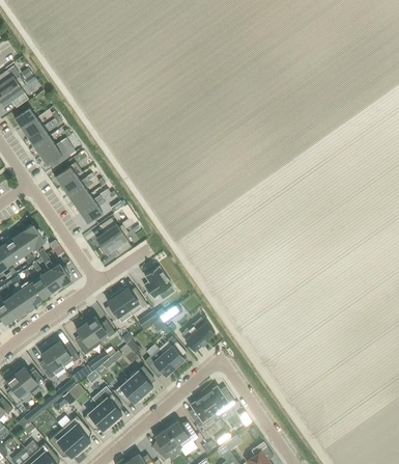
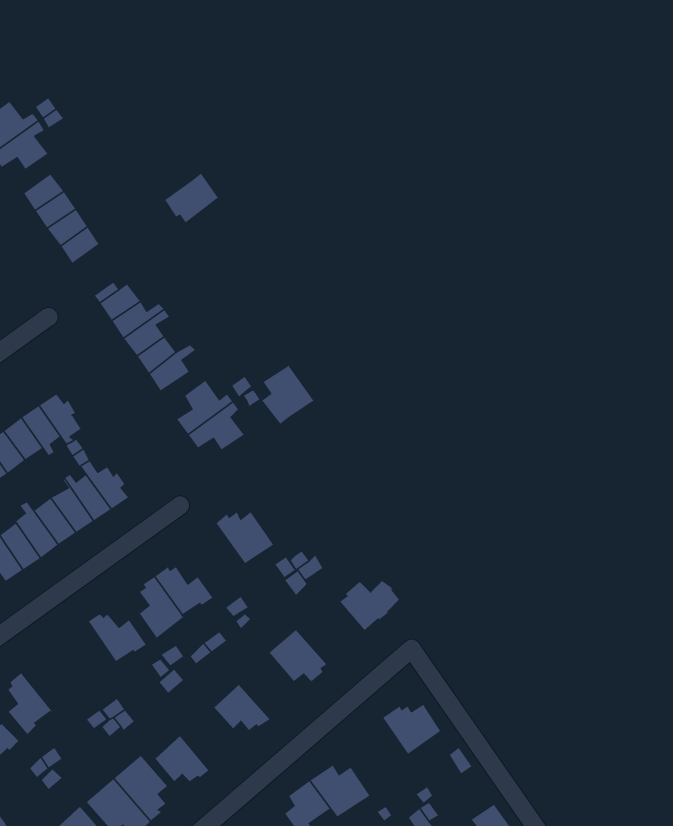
building: [40,142,69,169] -> [164,172,219,223]
building: [143,267,172,299] -> [261,364,316,425]
building: [105,294,132,323] -> none
building: [159,337,187,369] -> none
building: [40,346,64,380] -> none
building: [129,366,153,398] -> none
building: [13,367,45,394] -> none
building: [97,393,122,425] -> none
building: [190,397,218,429] -> none

